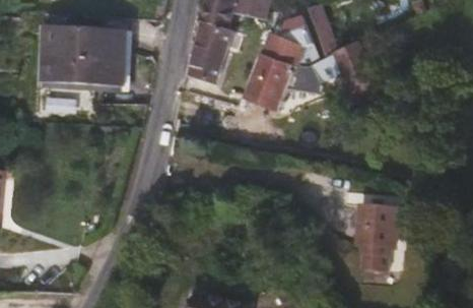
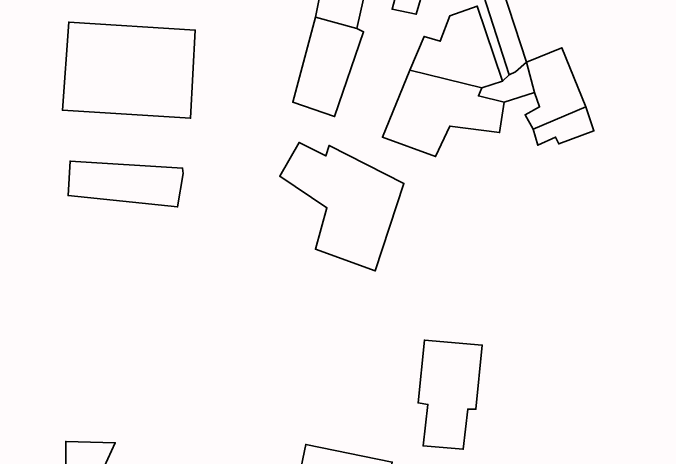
building: none -> [280,142,404,271]
building: none -> [68,161,183,207]
building: [357,205,398,274] -> [418,340,482,449]

